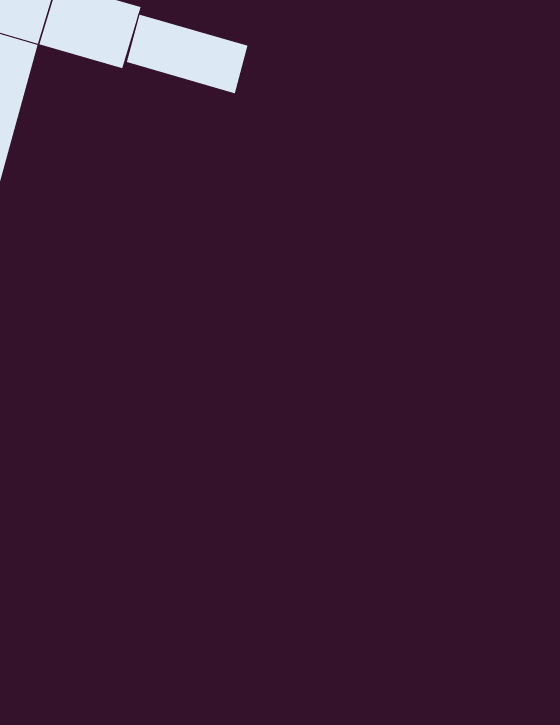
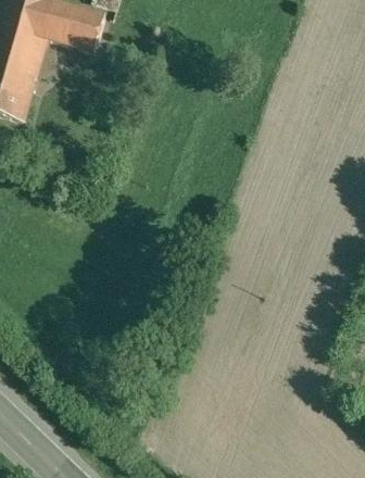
building: [126,14,248,94] -> none

